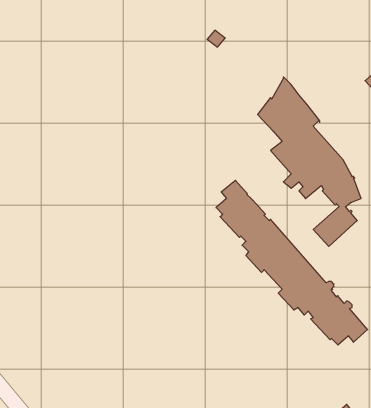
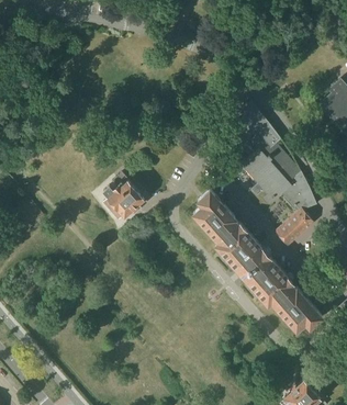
building: none -> [103,172,144,218]

